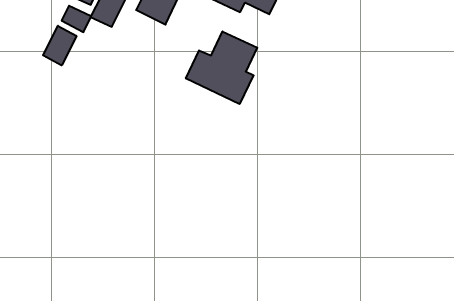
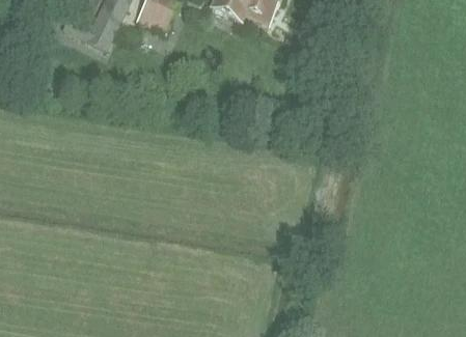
building: [43,26,76,65] -> none
building: [186,31,257,104] -> none

